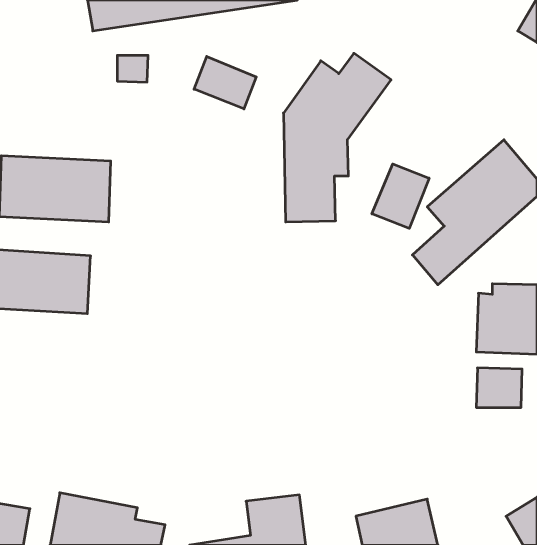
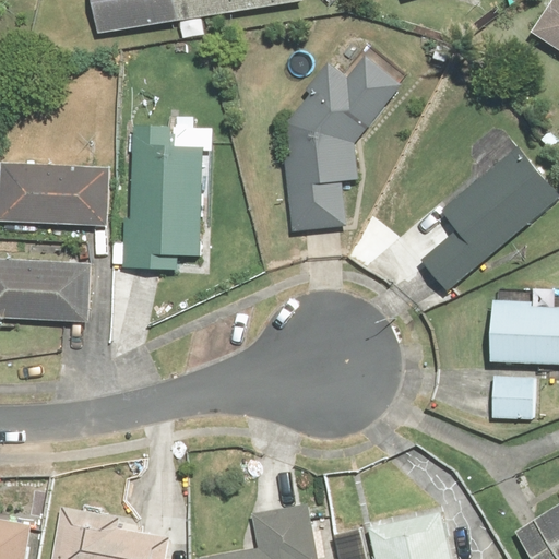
building: [194,56,256,109] -> none
building: none -> [121,124,205,271]
building: [372,164,429,228] -> none

